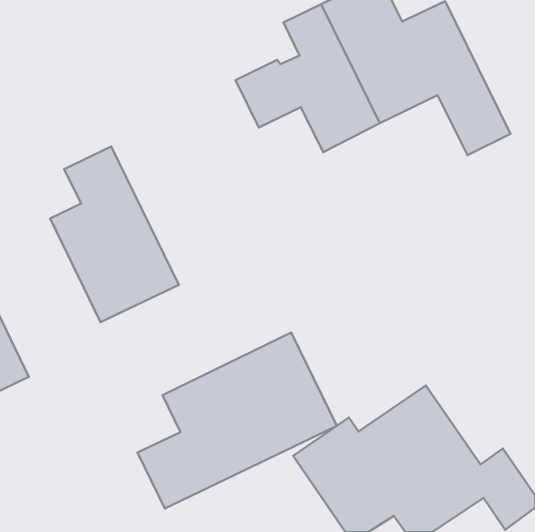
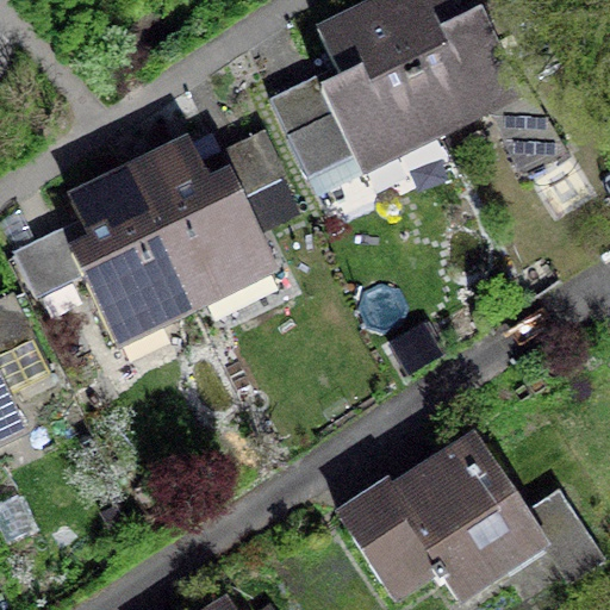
building: none -> [124,133,280,317]
building: [137,333,337,508] -> none

